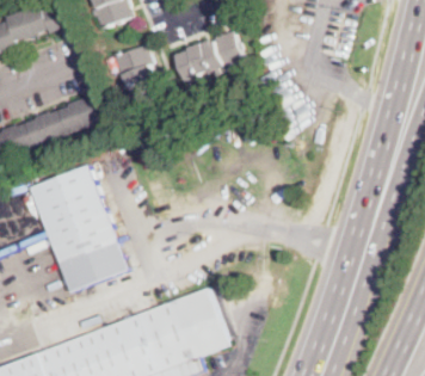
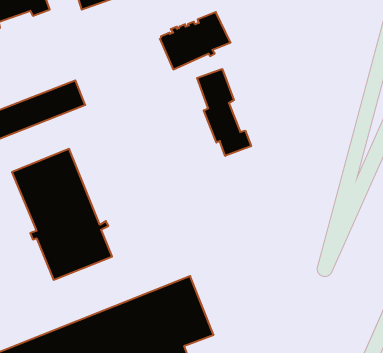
building: [111,44,161,99] -> none
building: none -> [197,69,251,156]

